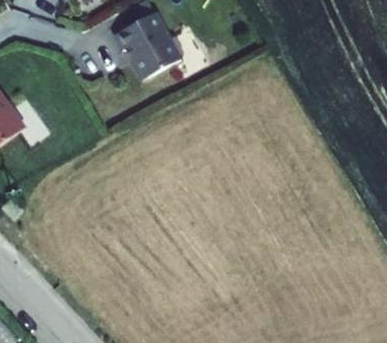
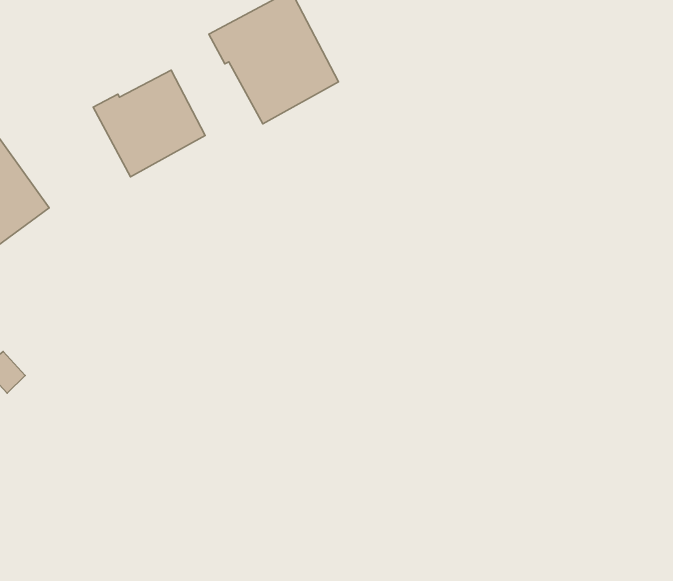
building: none -> [93,70,205,177]

